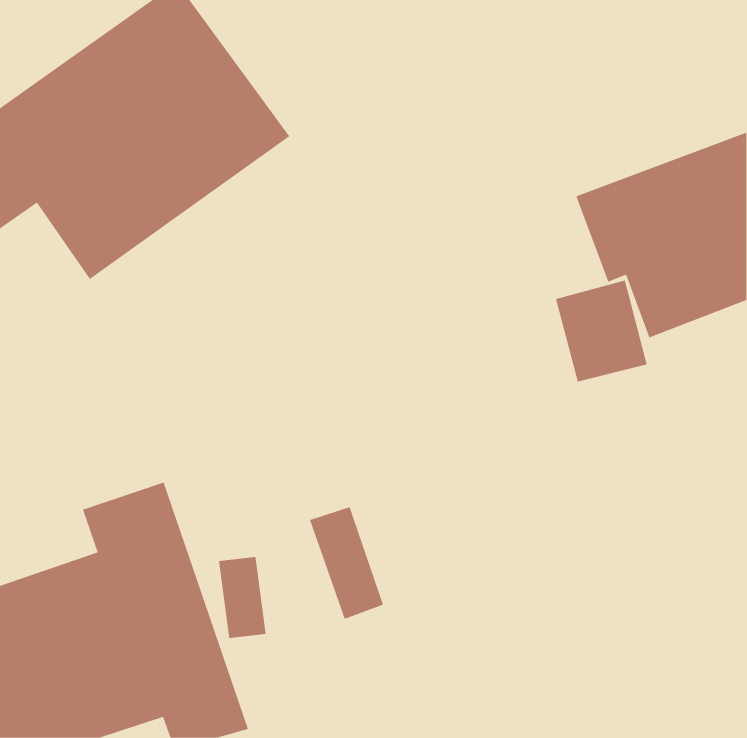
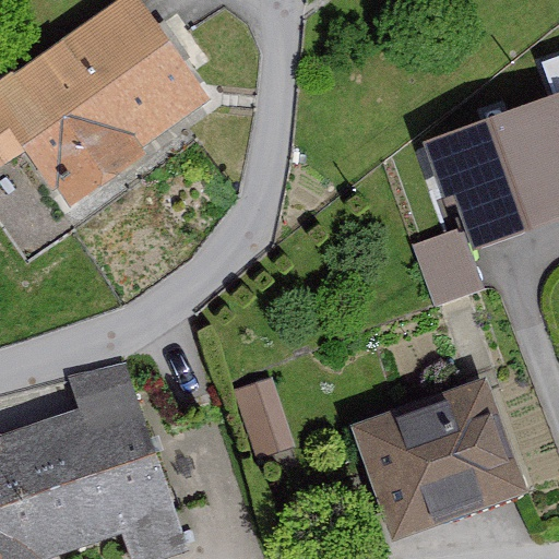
building: none -> [355,379,527,540]

